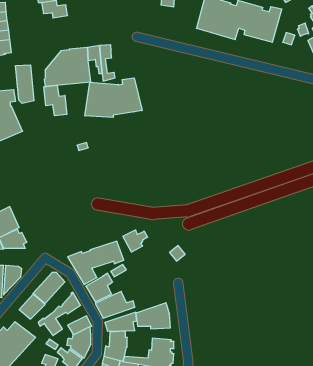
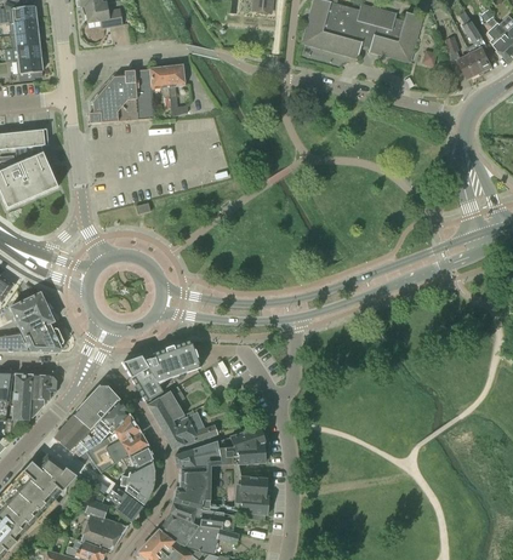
building: [16,65,34,103] -> none
building: [85,78,142,117] -> none
building: [44,85,67,116] -> none
building: [123,230,148,252] -> none
building: none -> [70,399,127,458]
building: none -> [104,430,148,463]

